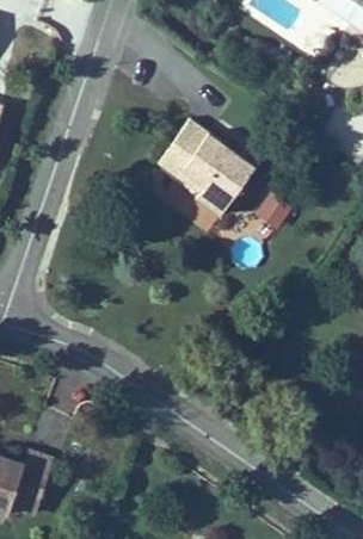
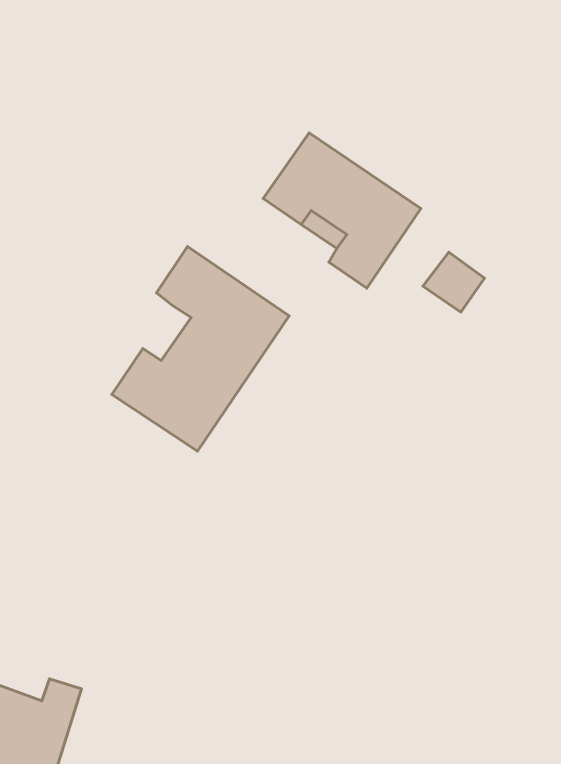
building: none -> [112,247,289,451]

